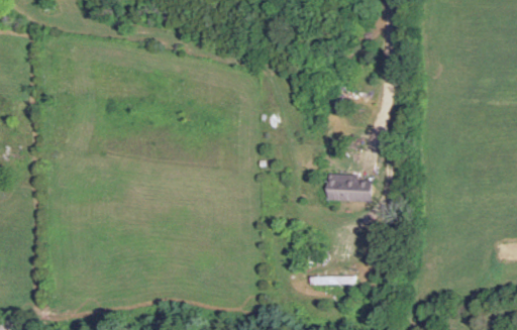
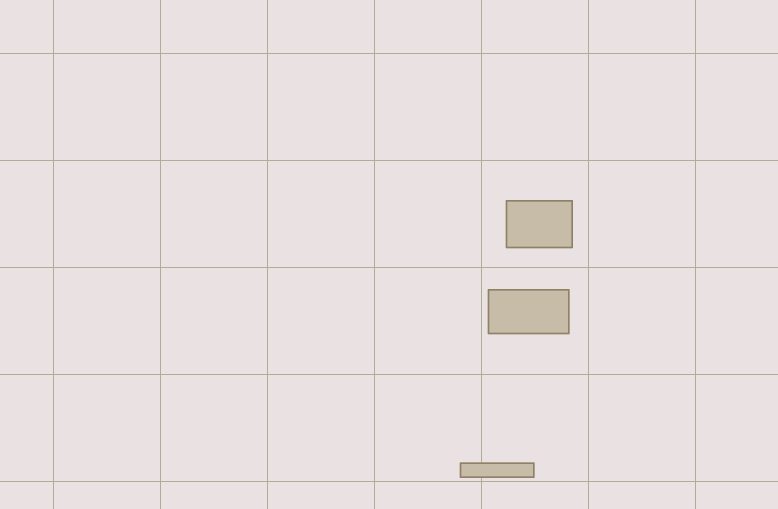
building: none -> [506,201,572,247]

